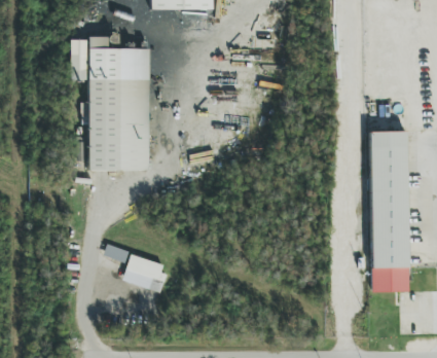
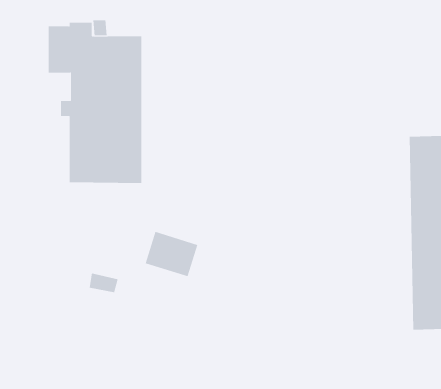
building: [123,254,168,292] -> [145,231,198,277]

